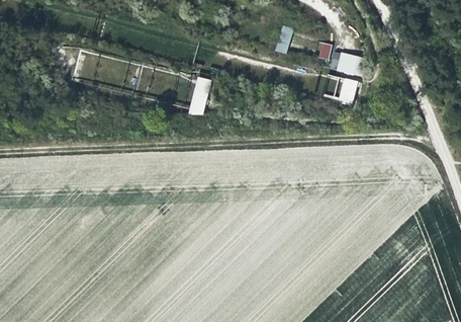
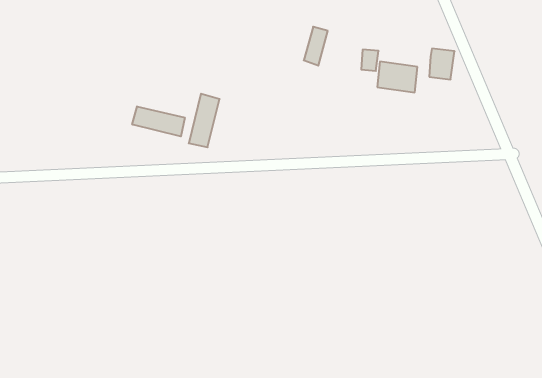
building: [338,78,357,101] -> [429,49,455,79]
building: none -> [132,106,185,136]

